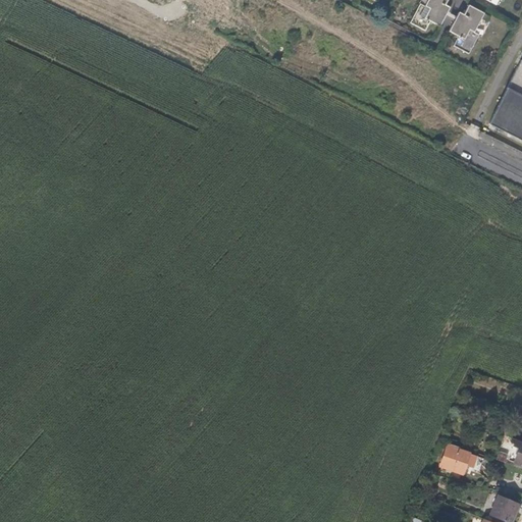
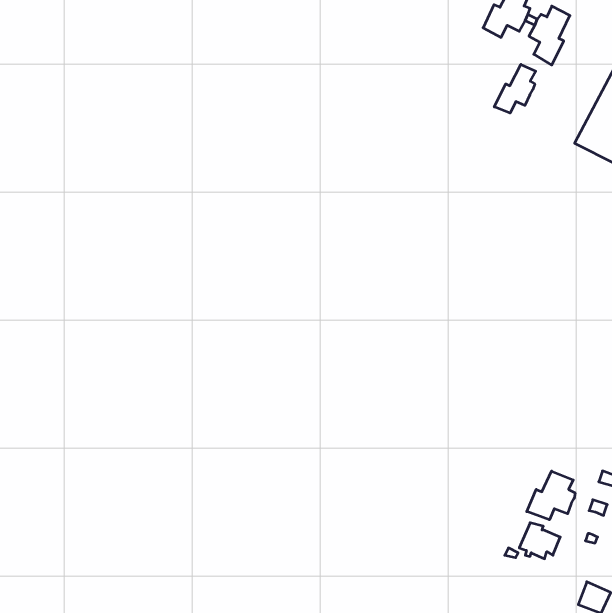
building: none -> [494,64,536,113]
building: none -> [527,471,575,520]

